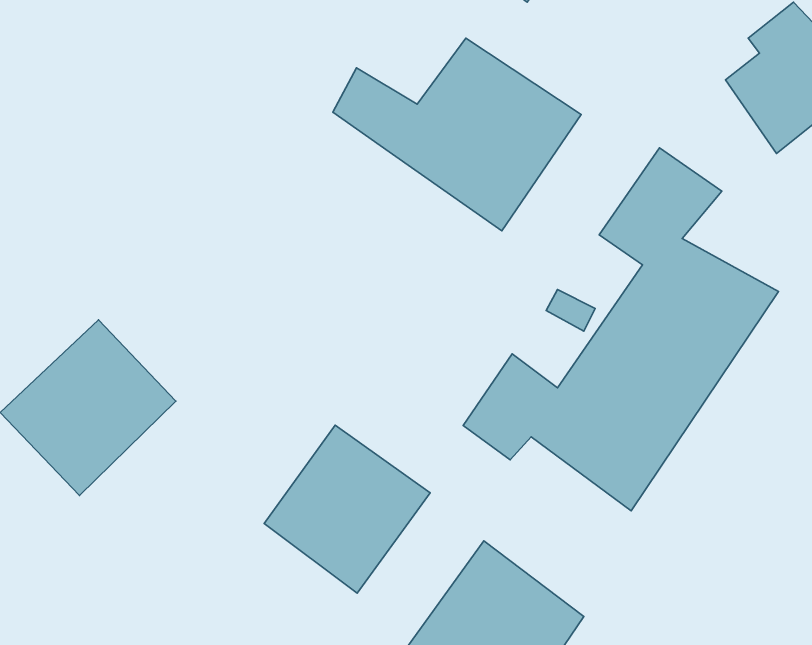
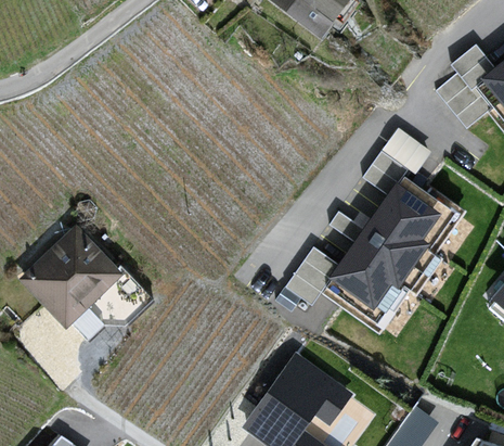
building: [333,38,581,231] -> none
building: [264,425,430,593] -> none

